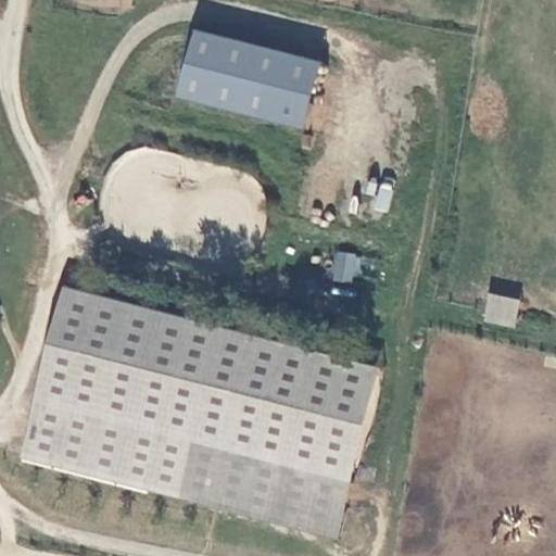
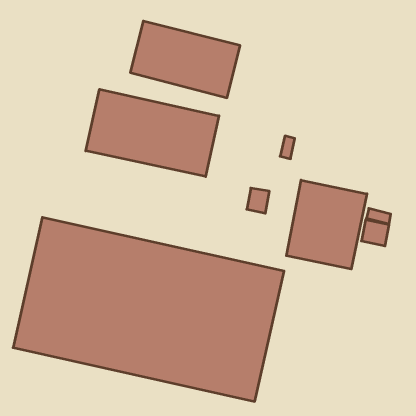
building: none -> [86,89,219,177]
building: none -> [286,180,367,269]

